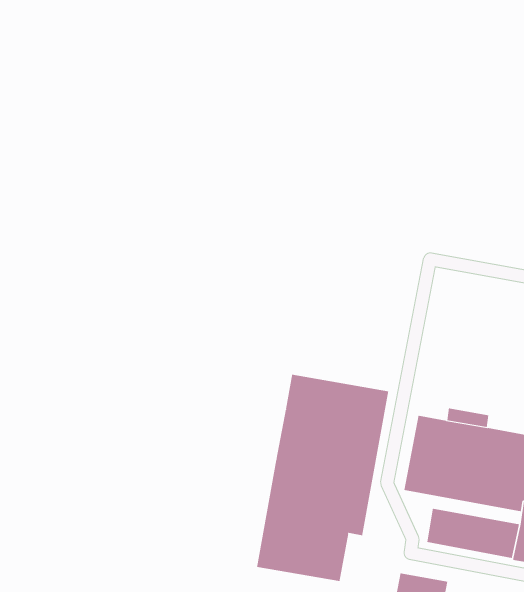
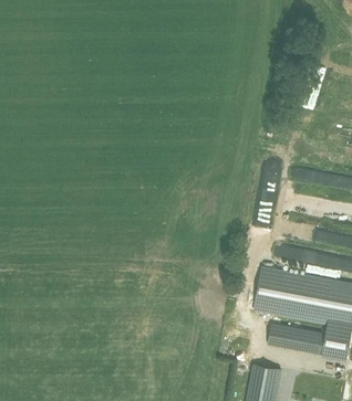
building: [257,374,389,582] -> none

